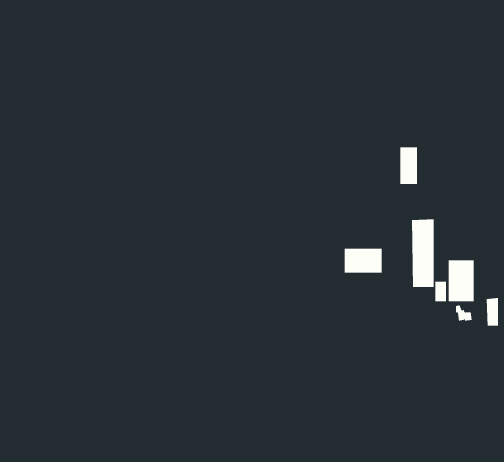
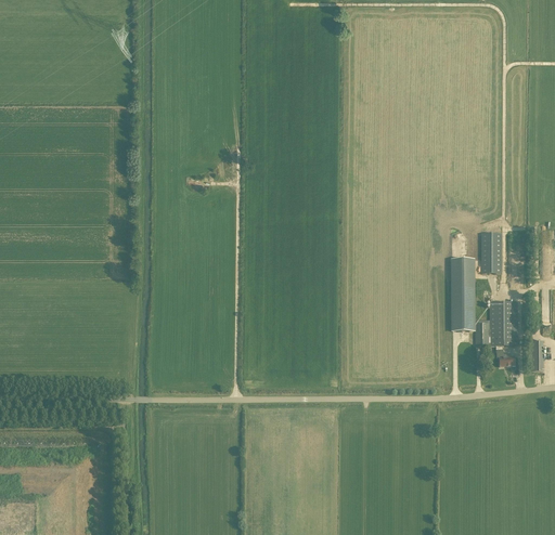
building: [400,147,418,185] -> [481,233,501,273]
building: [344,248,382,274] -> none

